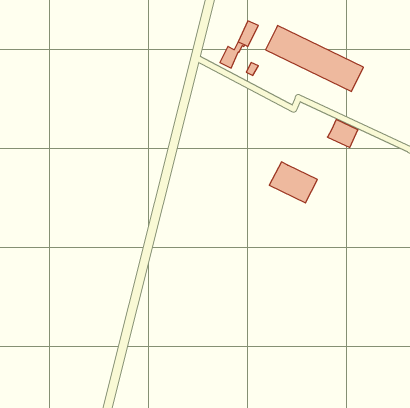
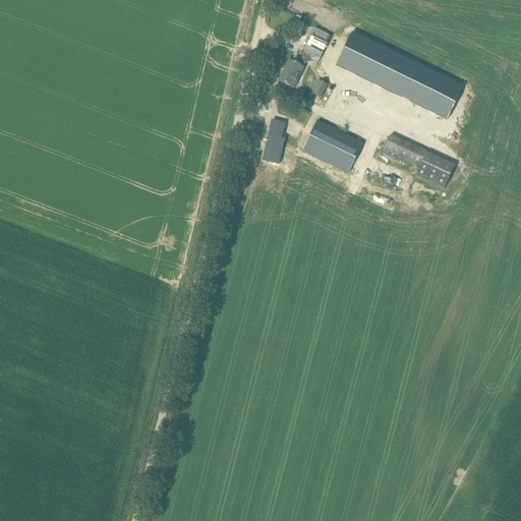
building: none -> [260,118,288,163]
building: none -> [384,134,426,165]
building: [269,162,317,203] -> [302,120,363,172]

